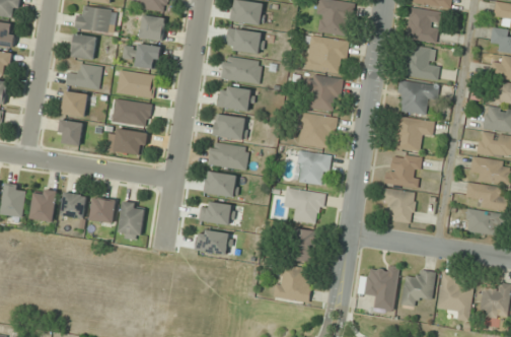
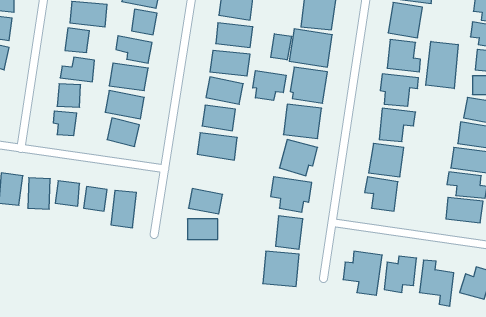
building: none -> [271,34,292,60]
building: none -> [426,41,458,89]
building: none -> [253,71,286,100]
building: [203,171,239,199] -> none

